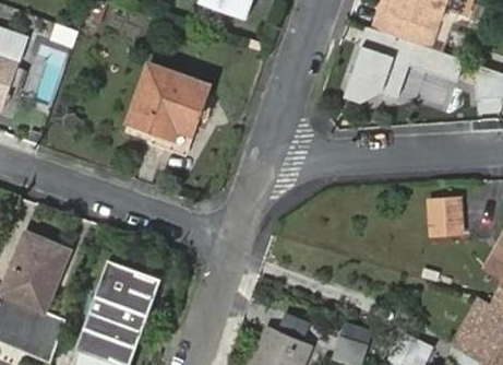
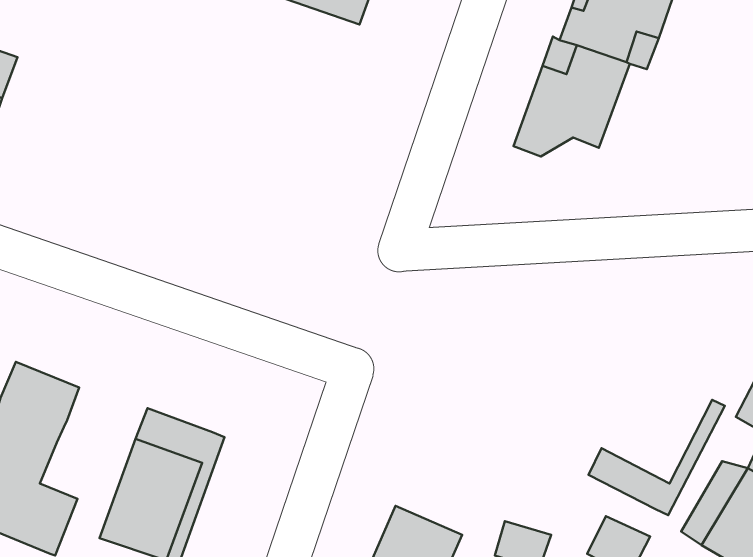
building: [128,64,211,140] -> none
building: [430,199,460,234] -> none
building: none -> [589,400,725,515]

